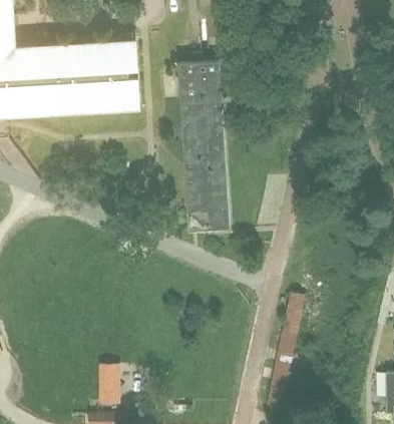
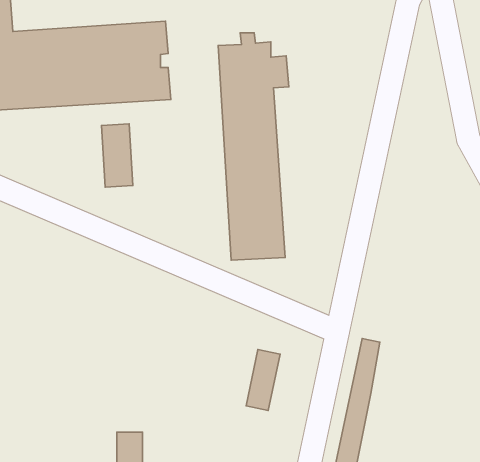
building: none -> [102,124,133,187]
building: none -> [246,350,280,411]

